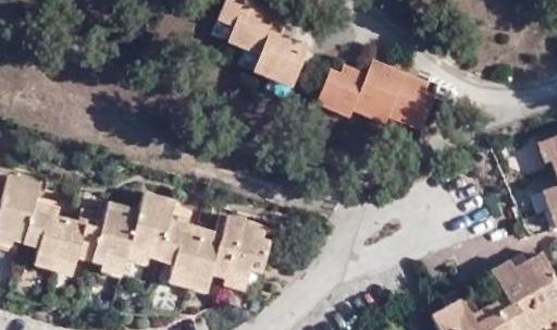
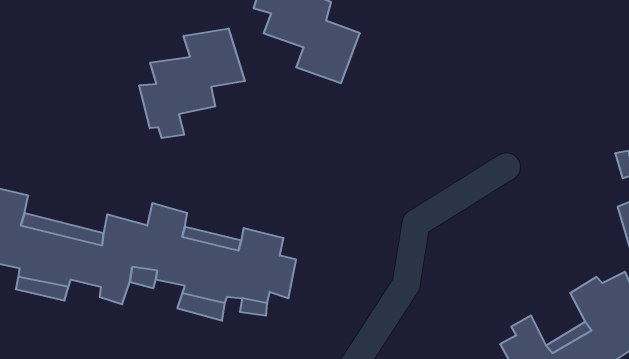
building: none -> [139,28,245,138]
building: [322,52,441,121] -> none

